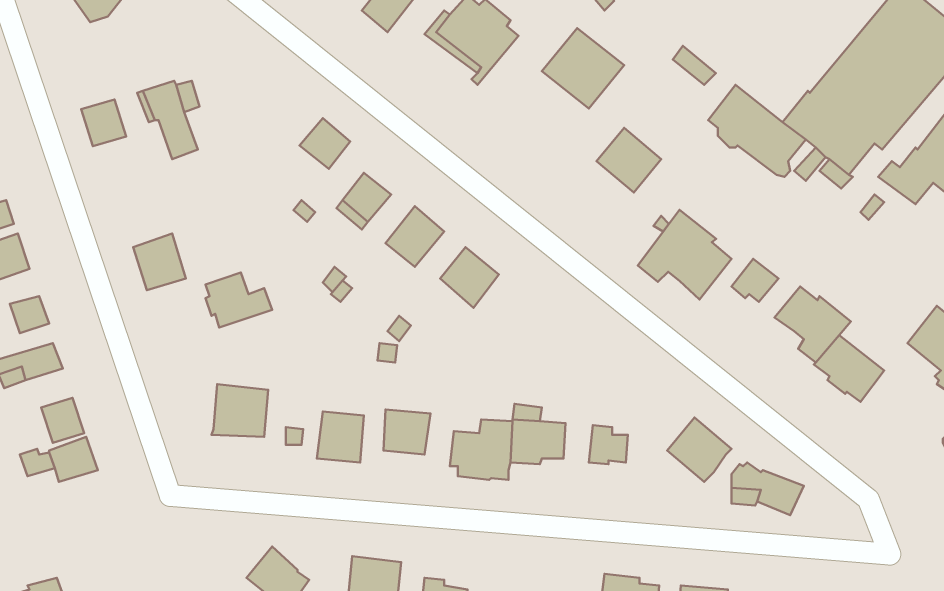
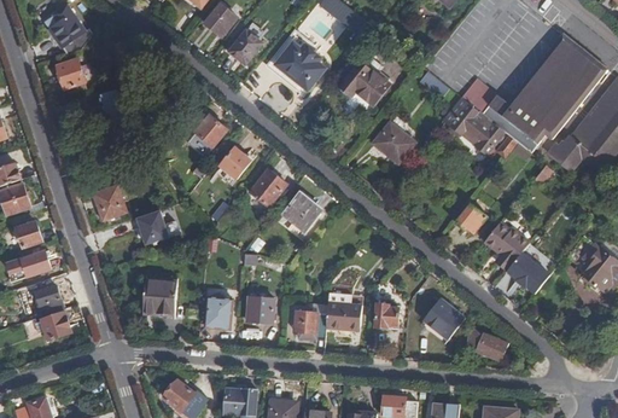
building: none -> [462,75,507,117]
building: [81,99,126,146] -> [54,62,82,91]
building: [638,210,732,299] -> none

